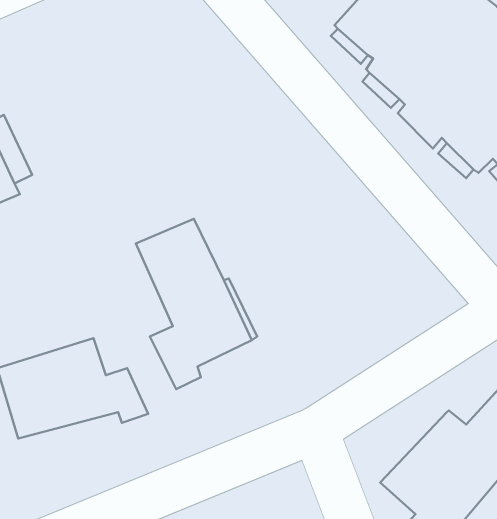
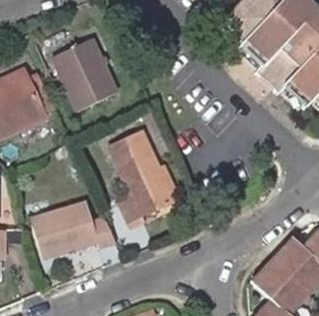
building: none -> [54,40,116,110]

